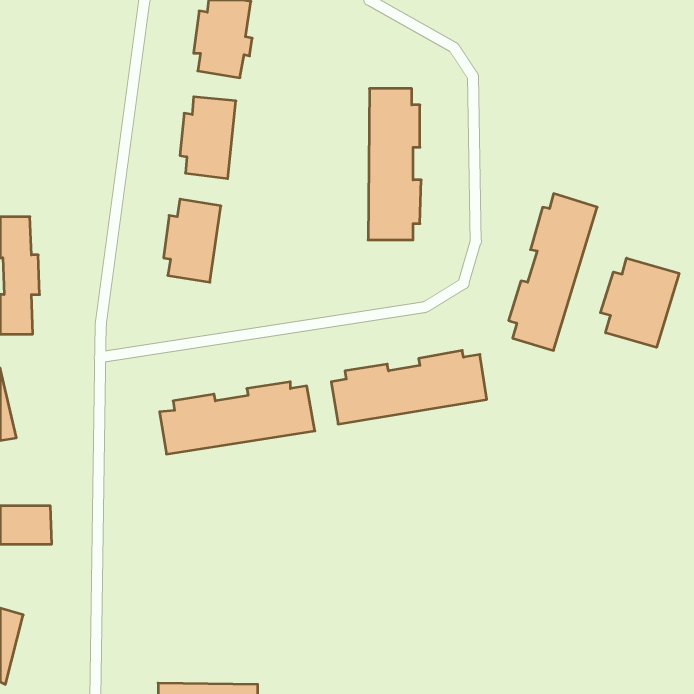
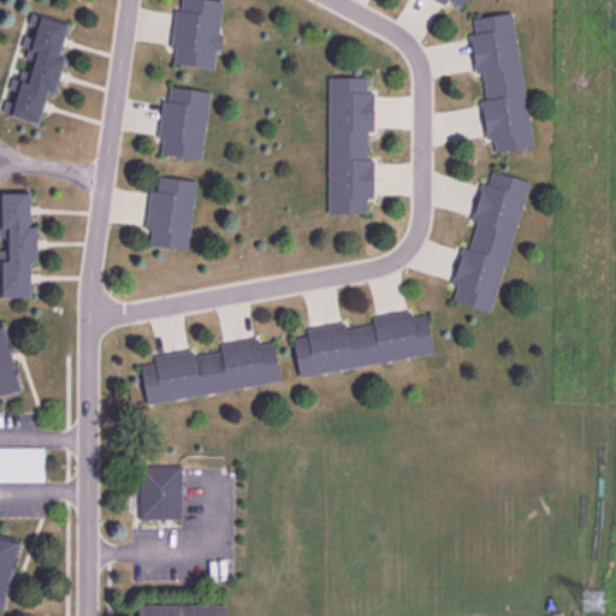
building: none -> [468,14,534,153]
building: none -> [7,17,65,125]
building: [600,258,679,347] -> none
building: none -> [144,468,185,520]

